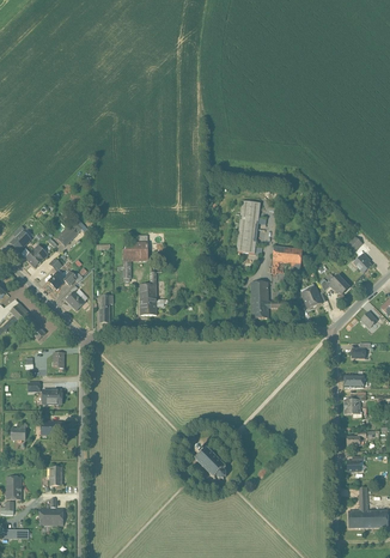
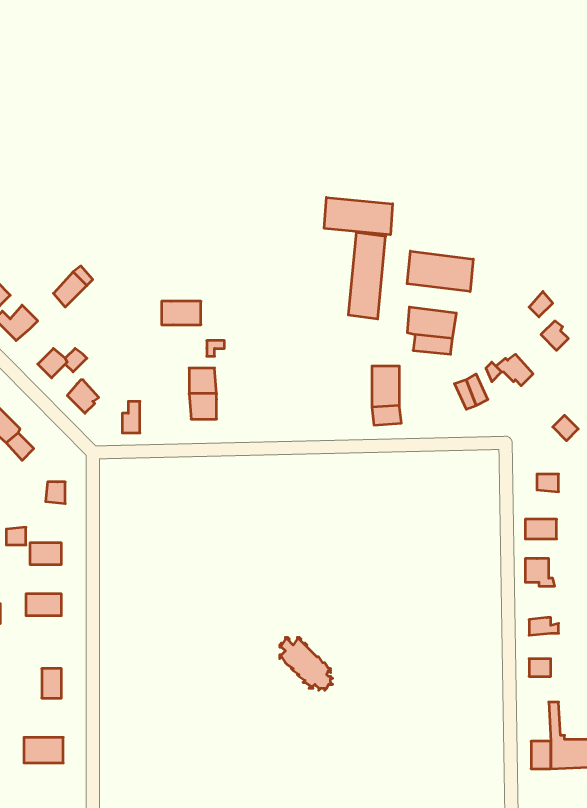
building: none -> [324,197,393,235]
building: none -> [407,251,473,292]

